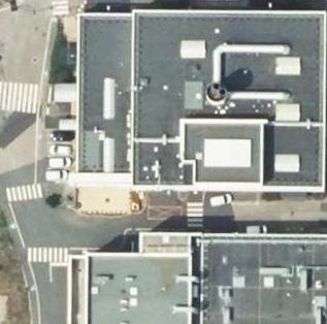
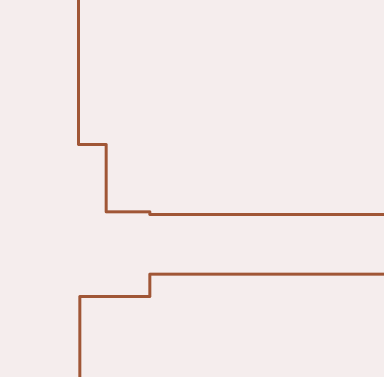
building: [80,132,102,185] -> none

